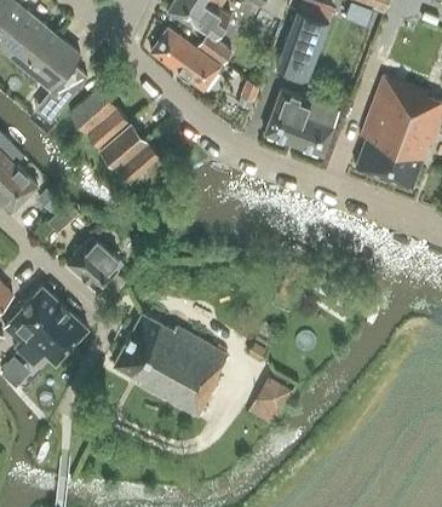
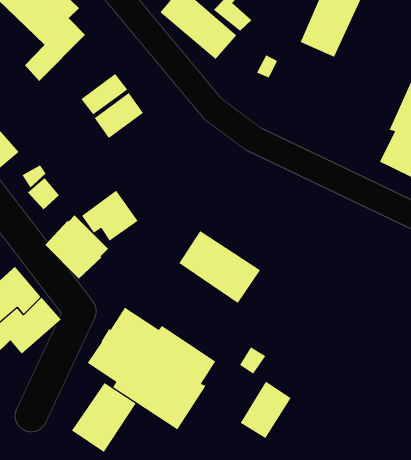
building: [70,88,115,133] -> none
building: [264,91,335,155] -> none
building: [117,144,168,190] -> [81,190,139,242]
building: none -> [179,230,261,304]
building: none -> [71,382,136,453]

